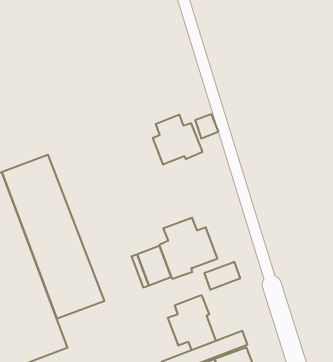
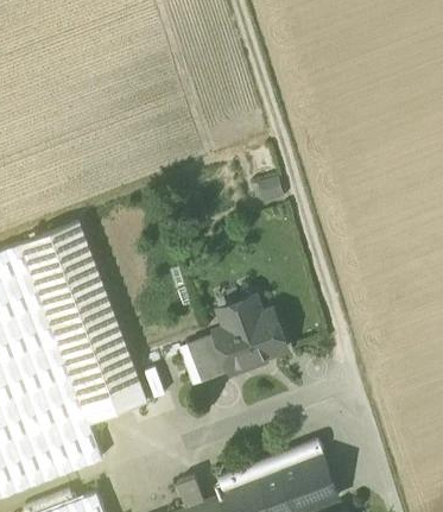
building: [153,115,202,165] -> none
building: [204,262,240,290] -> none
building: [168,295,216,350] -> none

